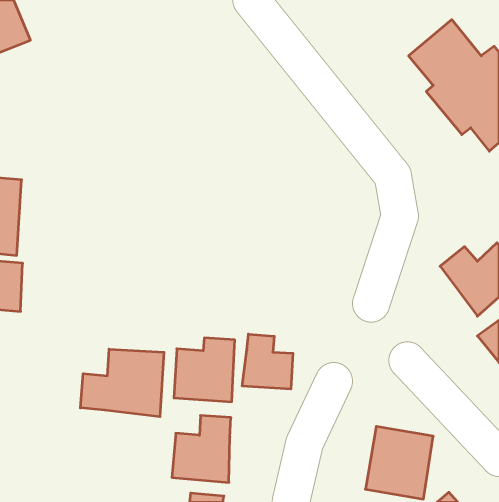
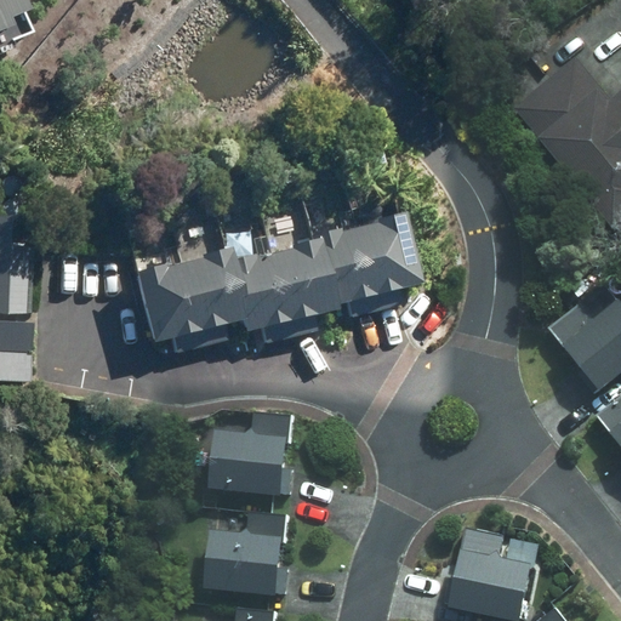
building: none -> [132,216,417,344]
building: [242,334,293,389] -> none
building: [80,349,164,417] -> none

